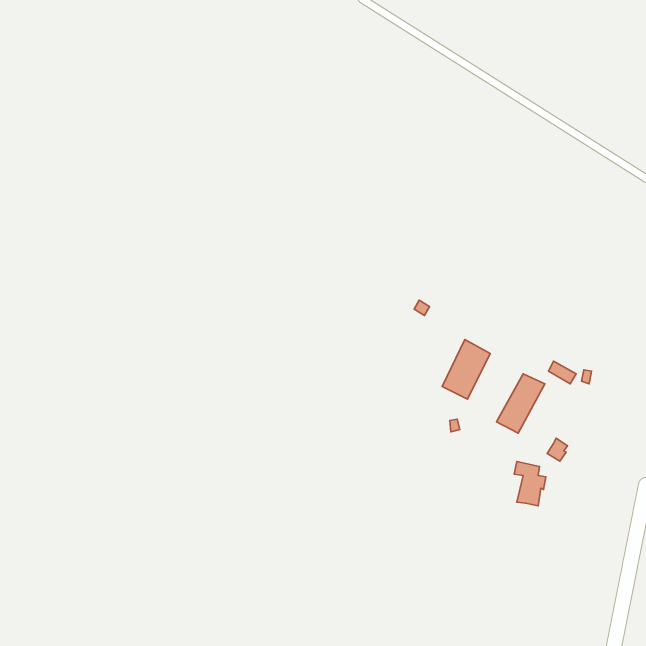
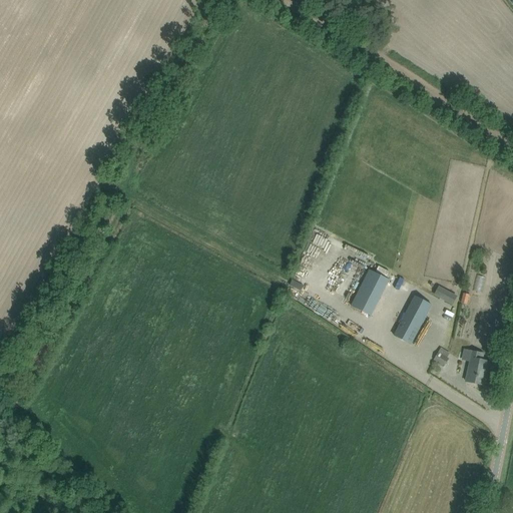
building: [514,461,546,506] -> [462,349,487,384]

